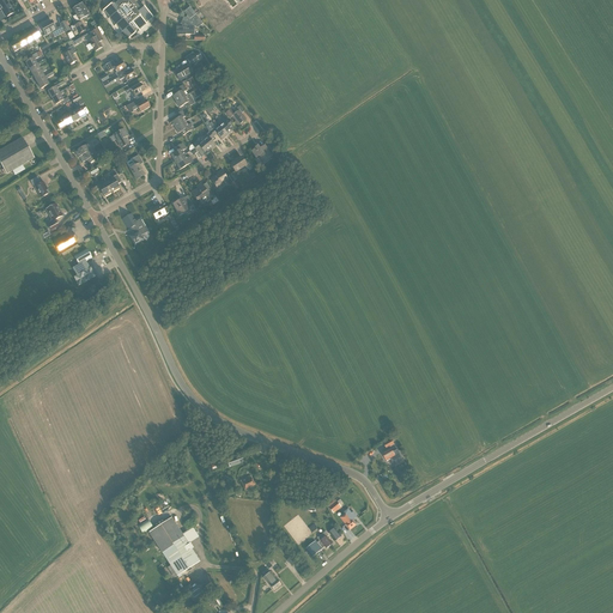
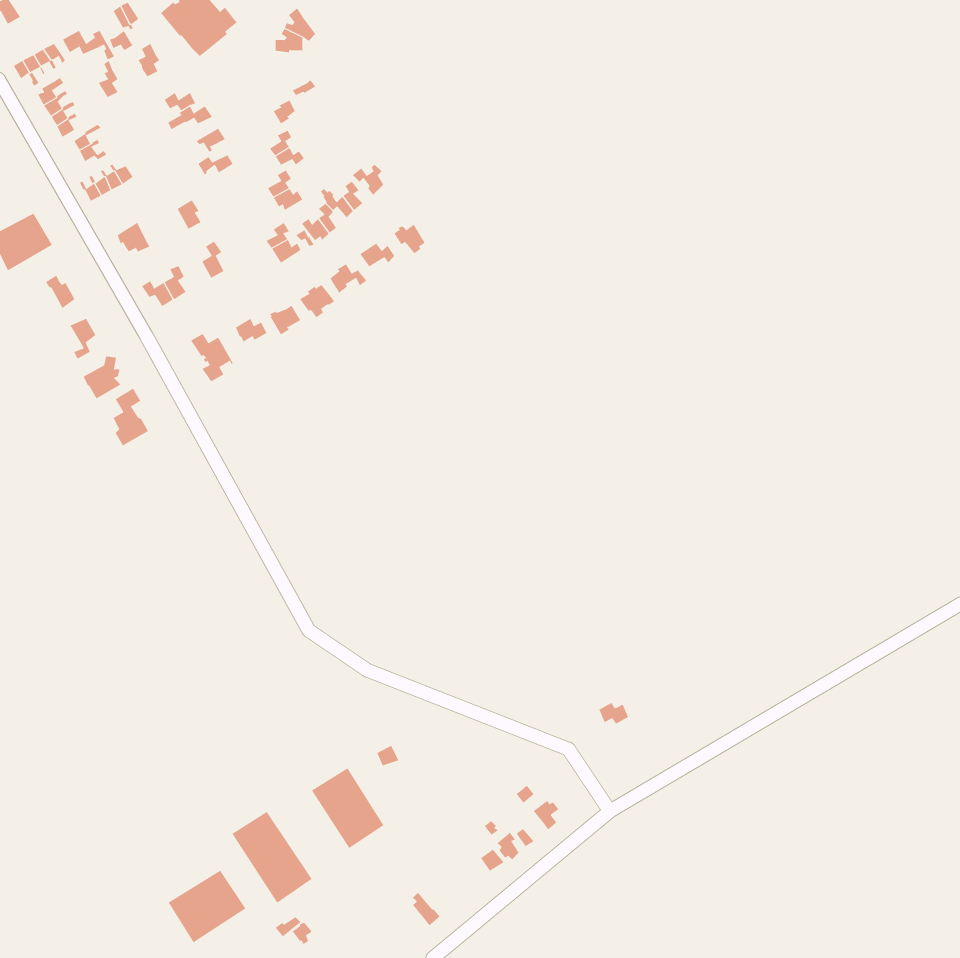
building: none -> [311,767,384,849]
building: none -> [168,870,246,943]

